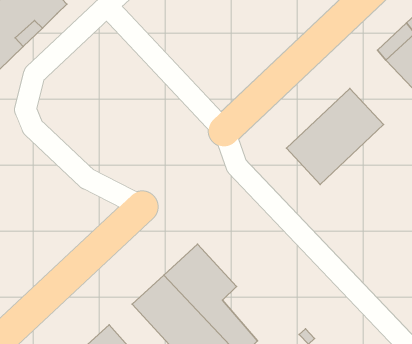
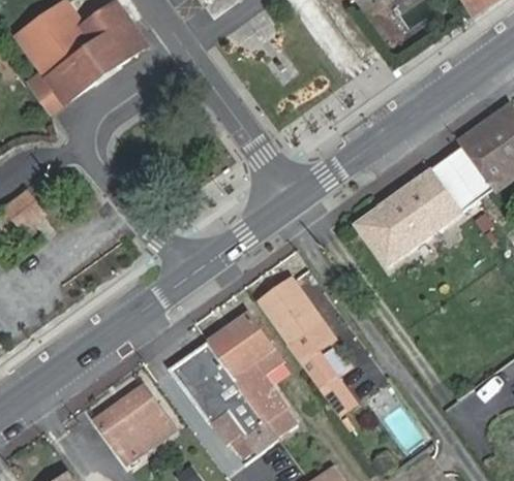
building: none -> [428,151,487,214]
building: none -> [262,275,357,411]

